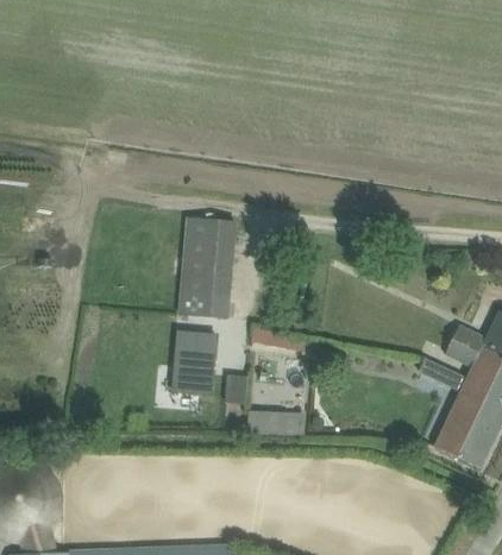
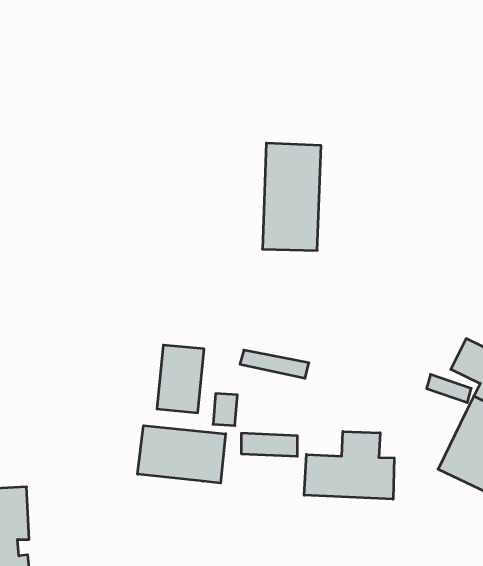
building: [180,214,234,314] -> [262,143,321,250]
building: none -> [138,426,226,483]
building: none -> [304,431,394,499]

